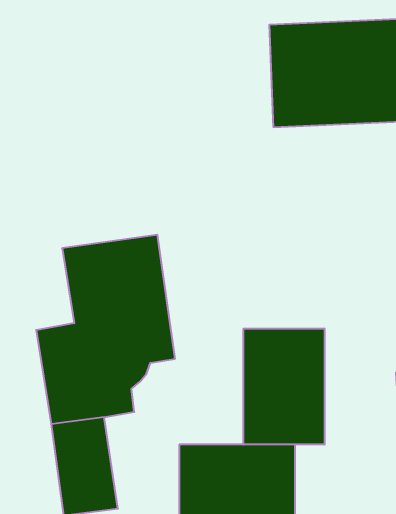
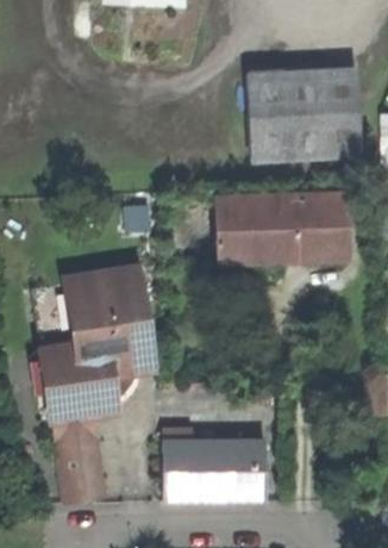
building: none -> [218,197,344,261]
building: [244,329,325,445] -> none

